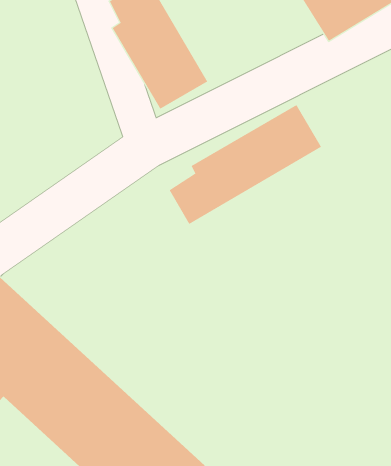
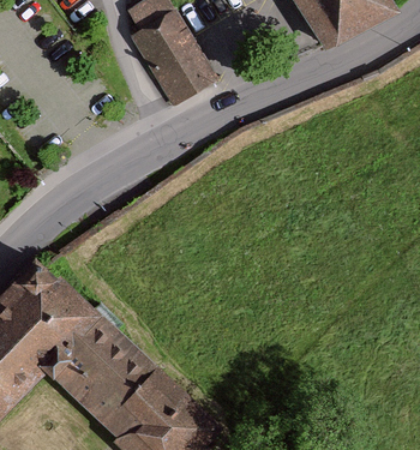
building: [169,104,322,225] -> none

